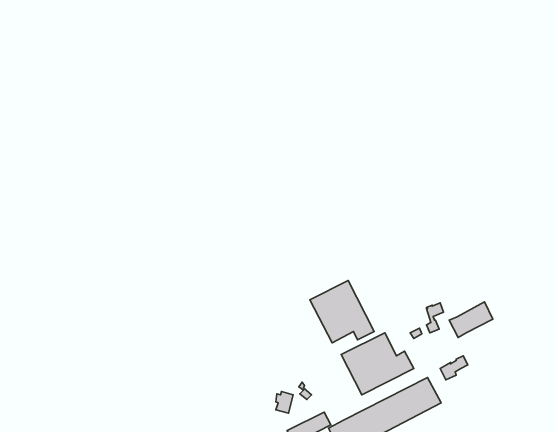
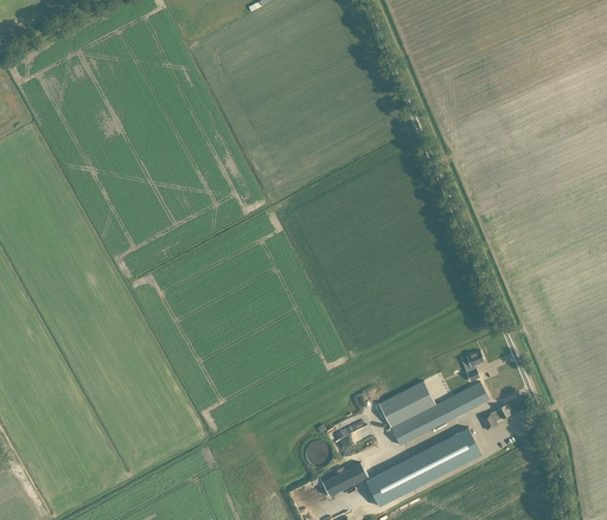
building: [310,281,374,343] -> none
building: [449,302,493,337] -> [443,381,488,418]

